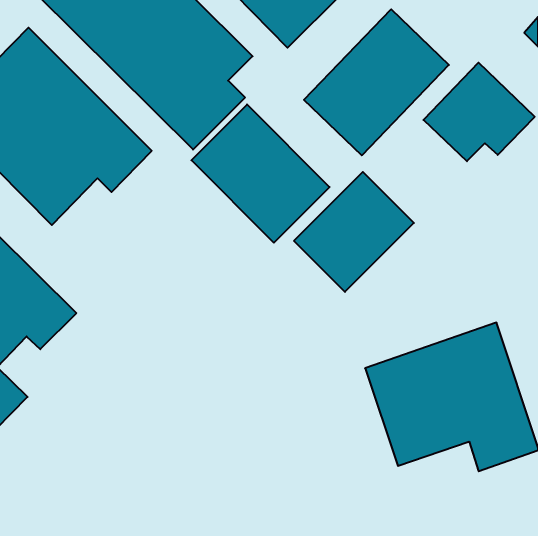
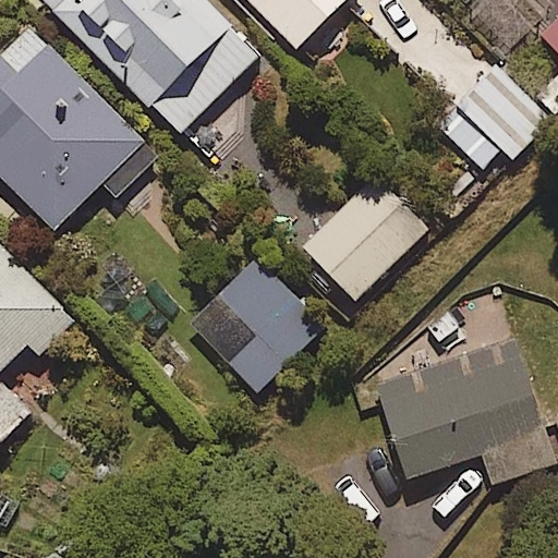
building: [304,9,449,155] -> none
building: [191,104,330,243] -> none
building: none -> [191,259,322,390]

